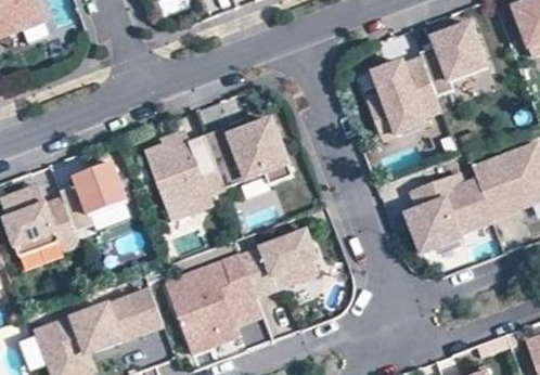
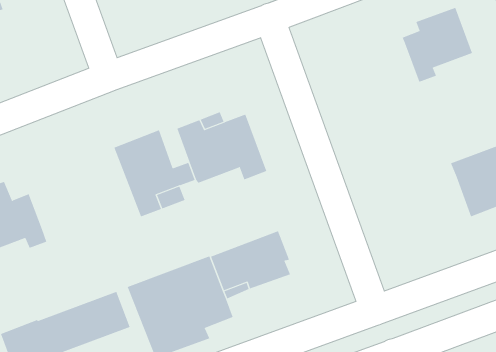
building: [372,51,447,134] -> none
building: [61,161,128,231] -> none
building: [406,173,491,254] -> none

